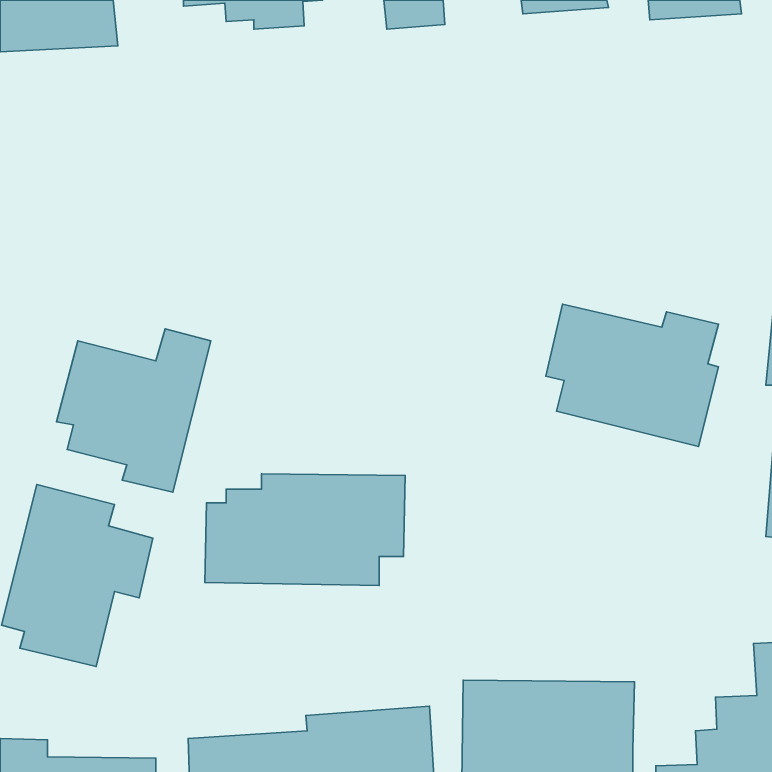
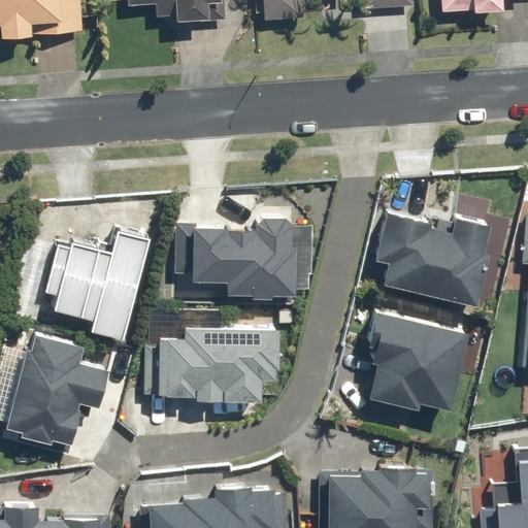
building: none -> [178,217,297,307]
building: none -> [367,310,469,409]

